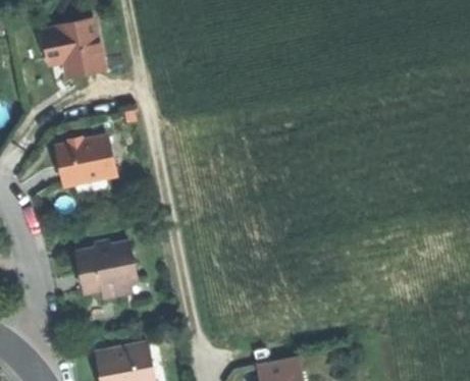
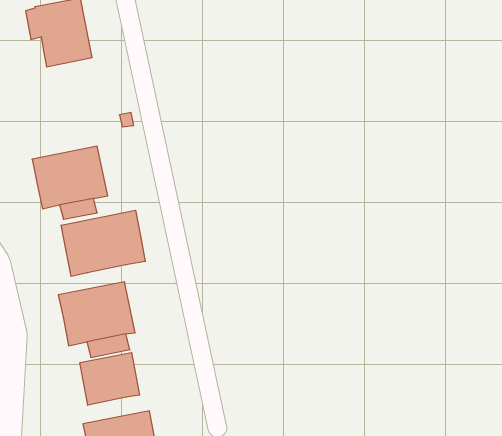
building: none -> [61,210,145,276]
building: none -> [80,352,140,405]

